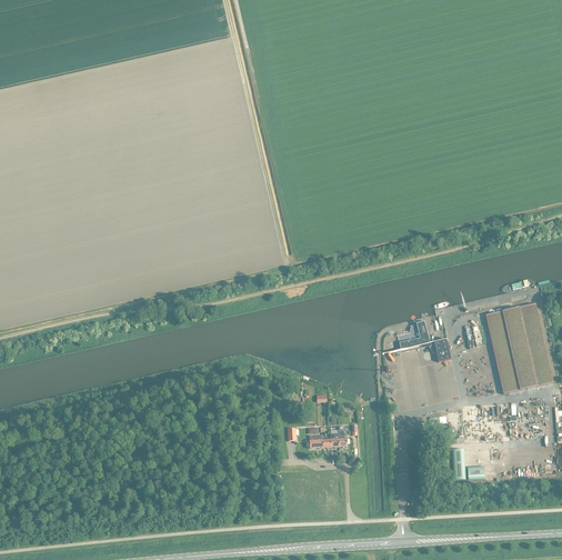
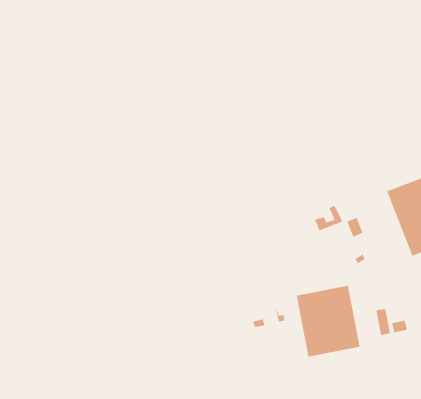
building: none -> [296,285,361,358]

